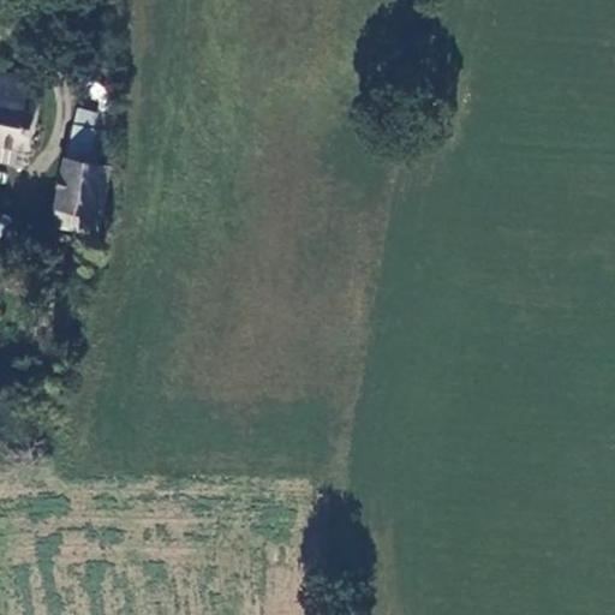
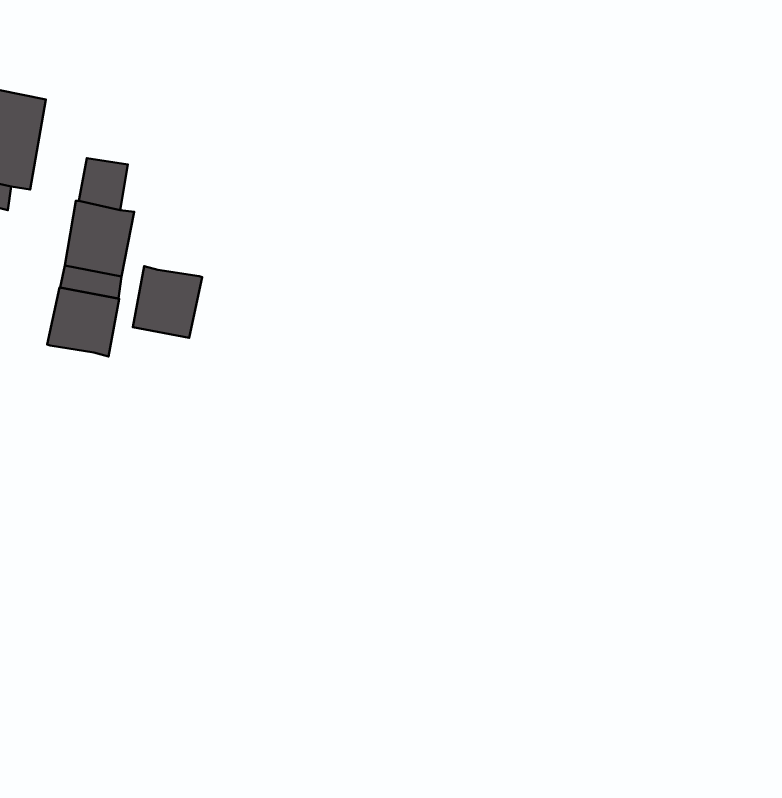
building: none -> [133,266,202,338]
building: none -> [47,287,119,356]

